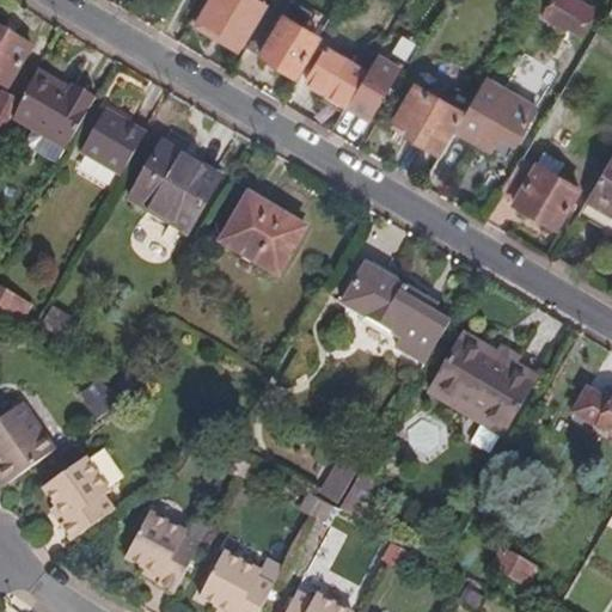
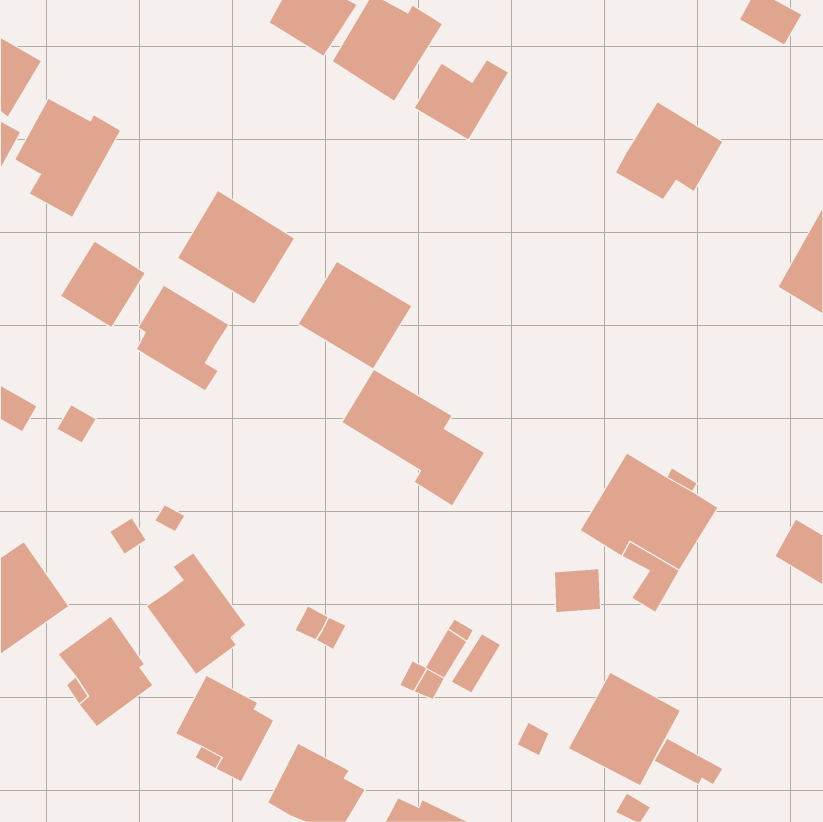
building: [348,57,403,120] -> none
building: [396,84,465,154] -> none
building: [82,109,146,173] -> [60,241,146,328]
building: [501,151,577,228] -> none
building: none -> [136,285,229,391]
building: [341,262,447,363] -> [341,369,485,506]
building: none -> [146,552,246,675]
building: none -> [568,672,681,786]

